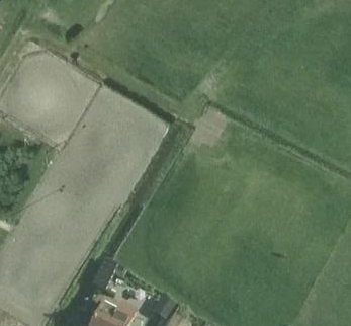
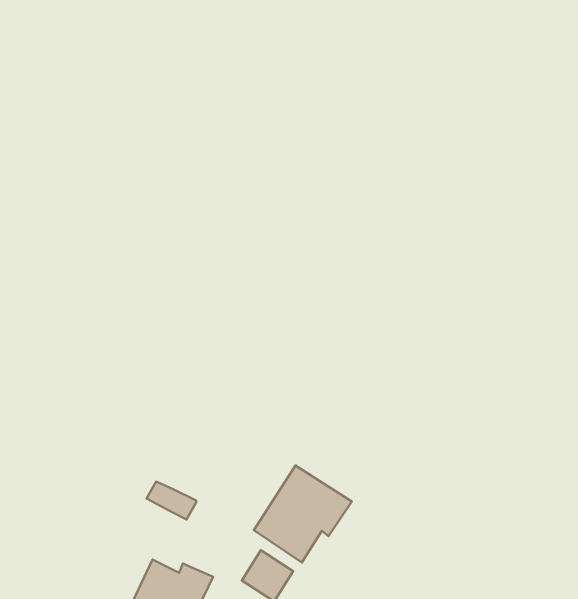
building: none -> [254,466,352,562]

